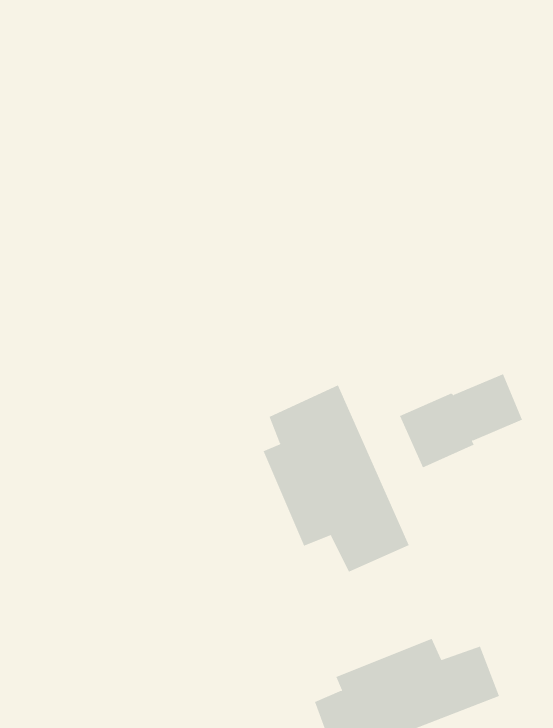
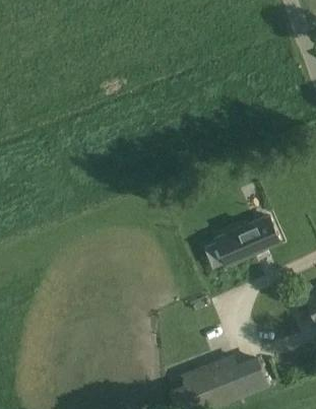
building: [263,384,410,573] -> none

